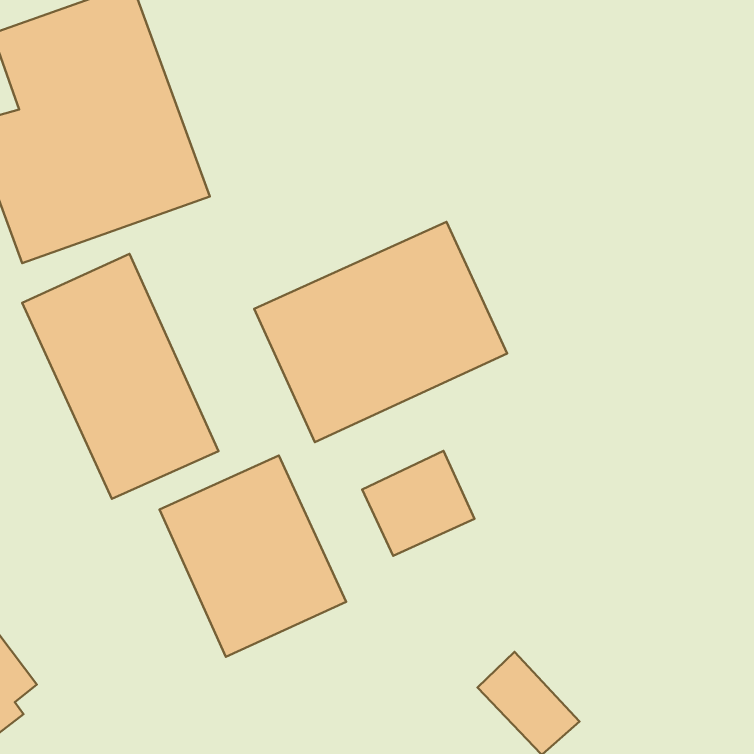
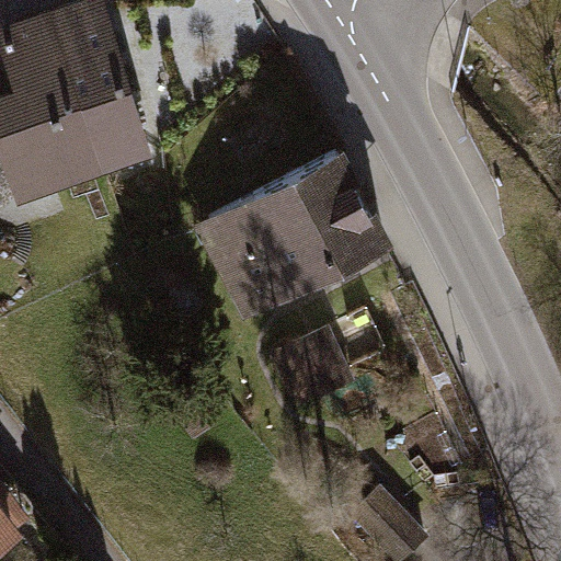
building: [22,254,218,499] -> none
building: [160,455,346,657] -> none

